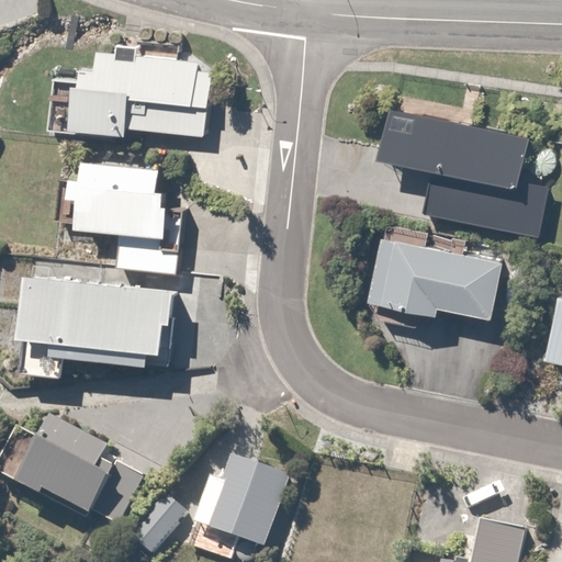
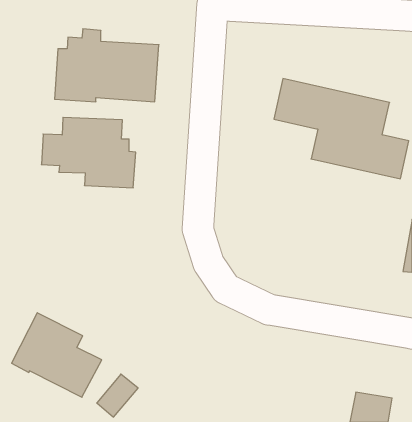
building: [364,235,507,328] -> none
building: [24,279,183,368] -> none
building: [203,458,290,550] -> none

